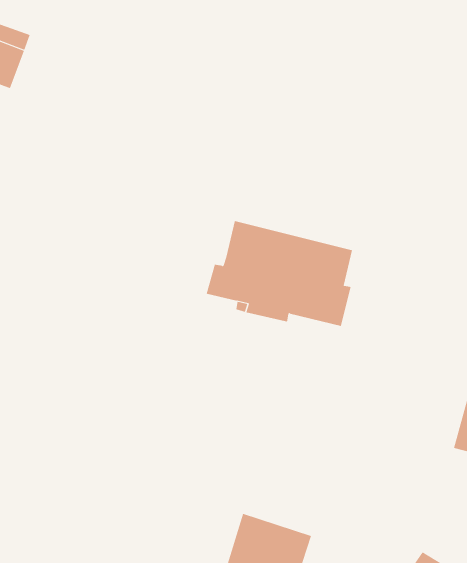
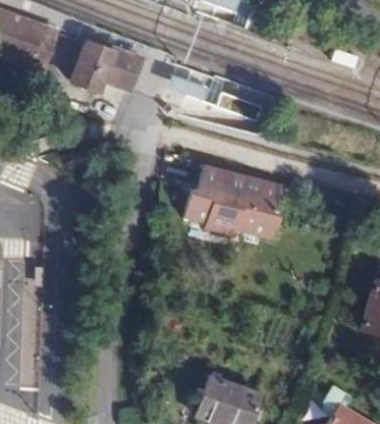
building: none -> [73,42,142,90]

